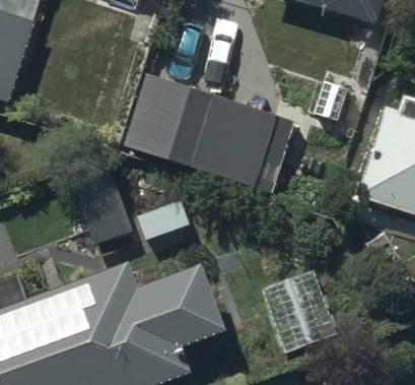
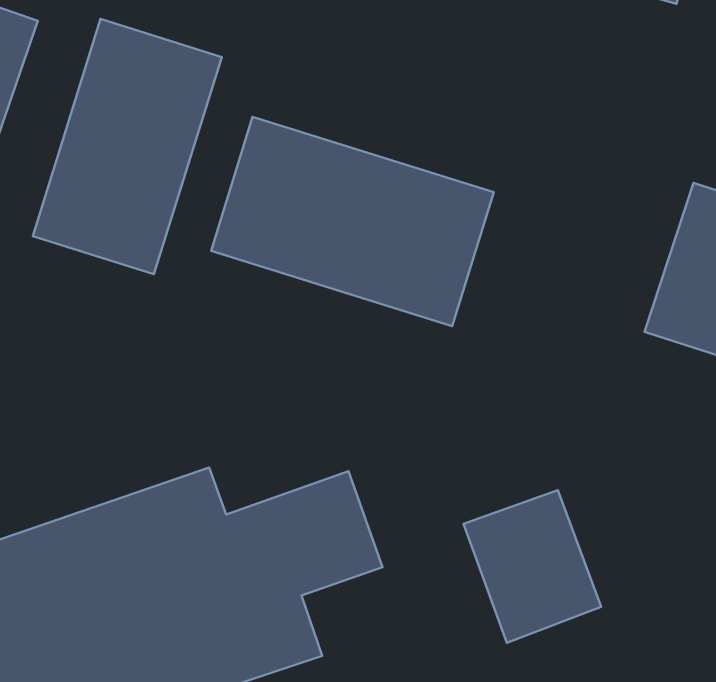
building: none -> [33,19,222,274]

